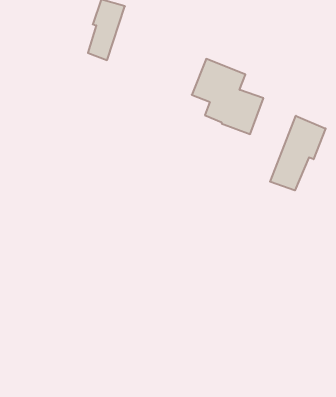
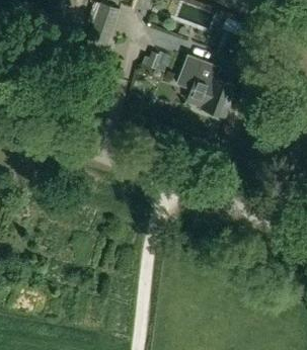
building: [270,116,326,190] -> none

